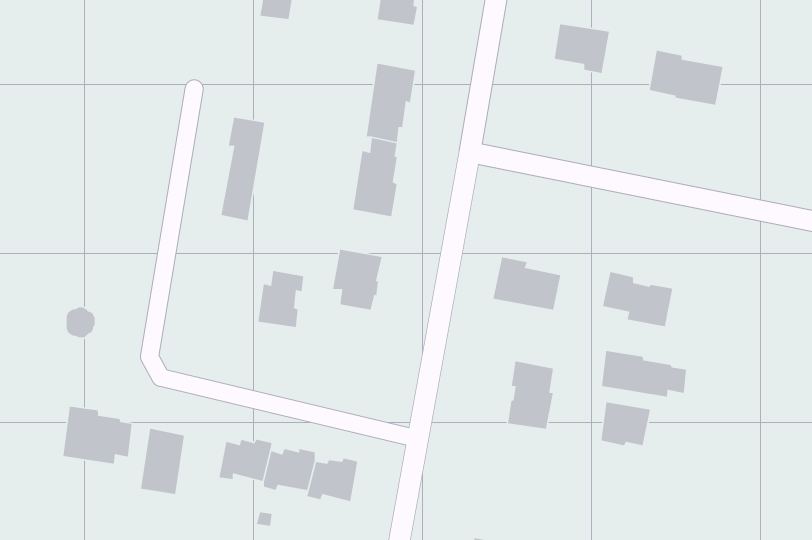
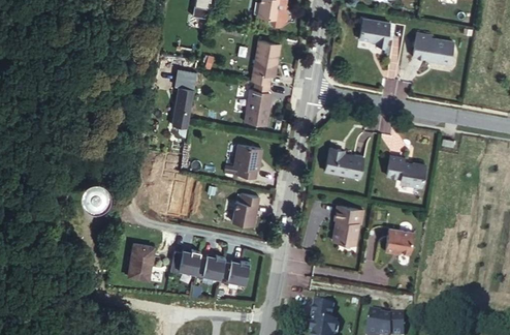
building: [258,270,304,328] -> [233,193,259,225]
building: [601,350,687,398] -> none
building: [62,406,132,465] -> none

